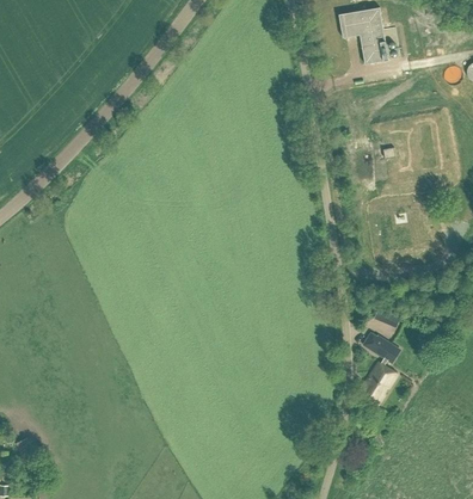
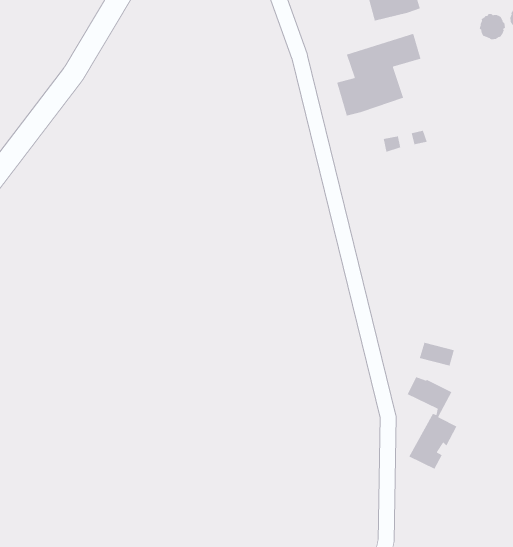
building: none -> [336,33,421,116]

